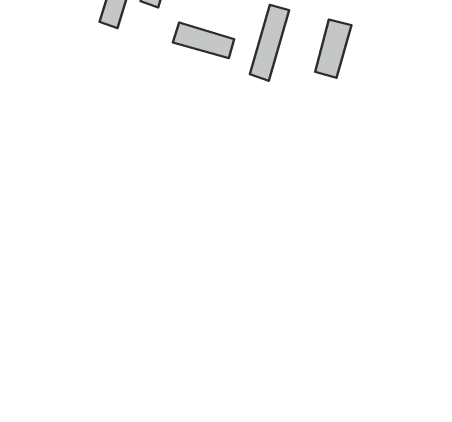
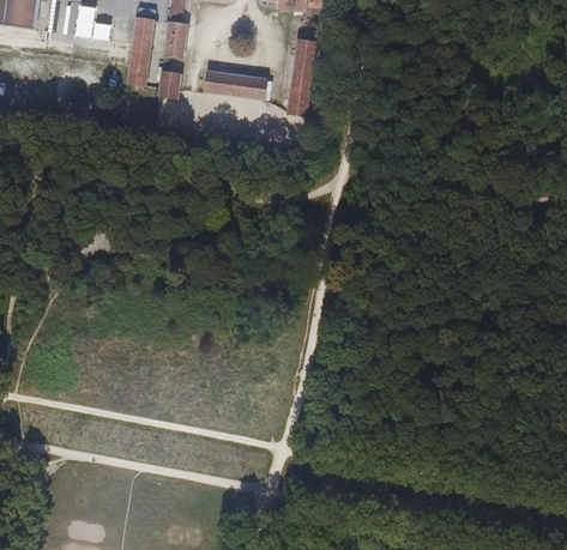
building: none -> [158,71,181,99]
building: [315,20,352,78] -> none

